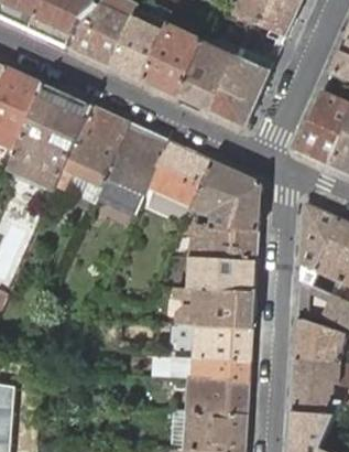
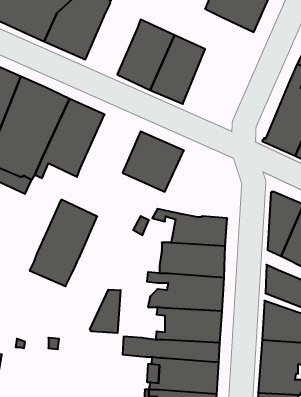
building: [110,9,167,82] -> none
building: [211,55,270,128] -> none
building: [97,123,167,214] -> [30,200,97,286]
building: [193,161,261,232] -> none
building: none -> [90,290,121,333]

